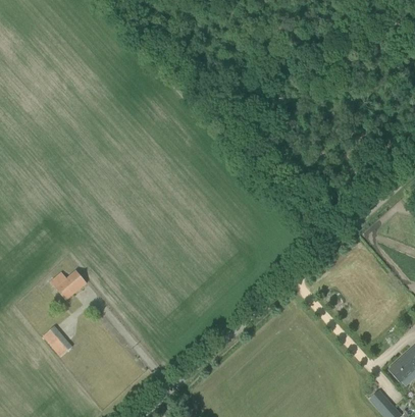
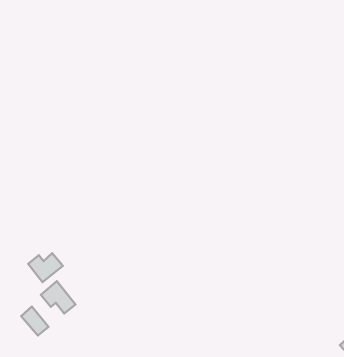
building: none -> [41,281,76,313]

